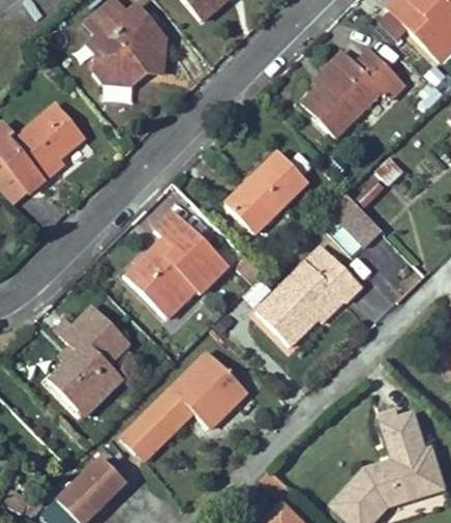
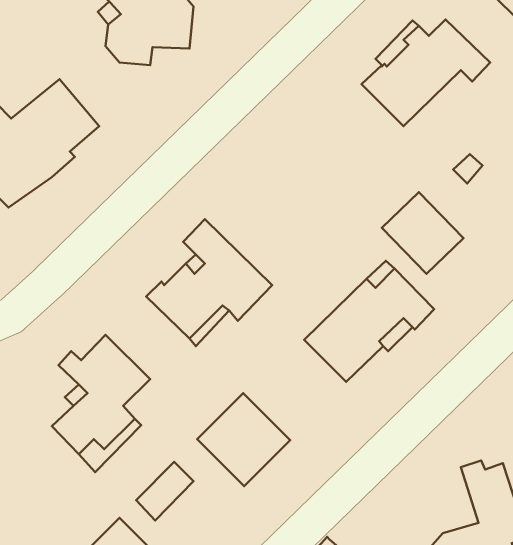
building: [224,152,307,234] -> none
building: [133,391,189,464] -> none

